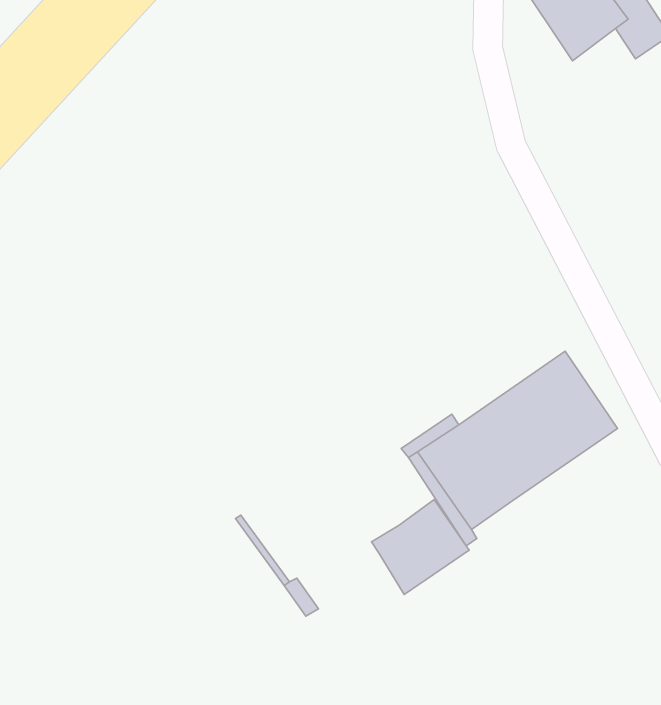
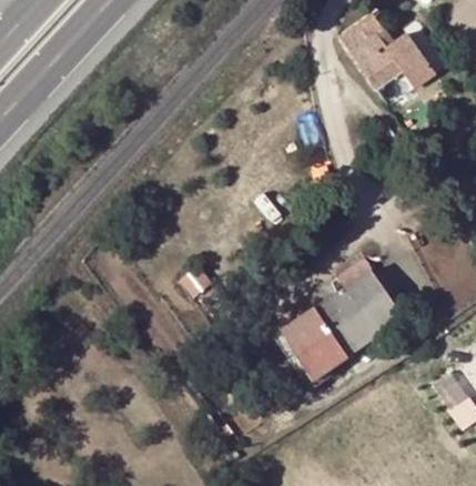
building: [372,500,469,594] -> none

